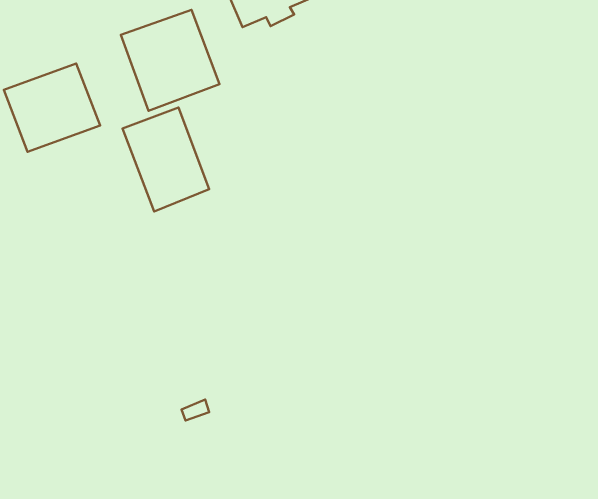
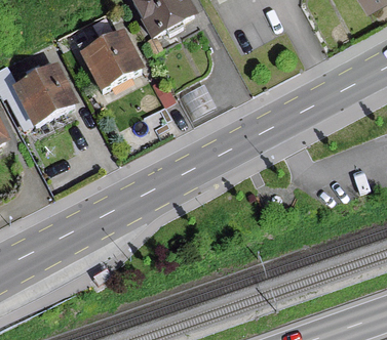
building: [123,108,209,212] -> none

